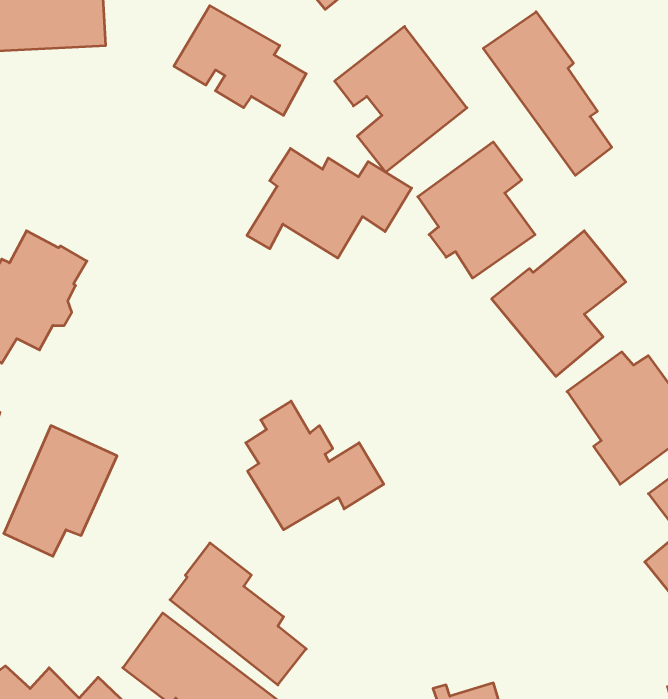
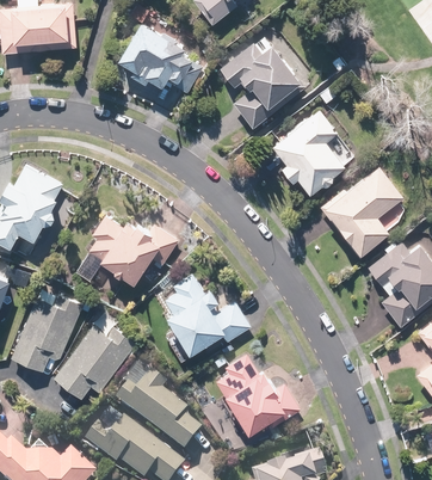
building: [483,12,612,175] -> none
building: [247,148,412,258] -> [78,214,181,283]
building: none -> [55,309,138,398]
building: none -> [216,352,301,432]

